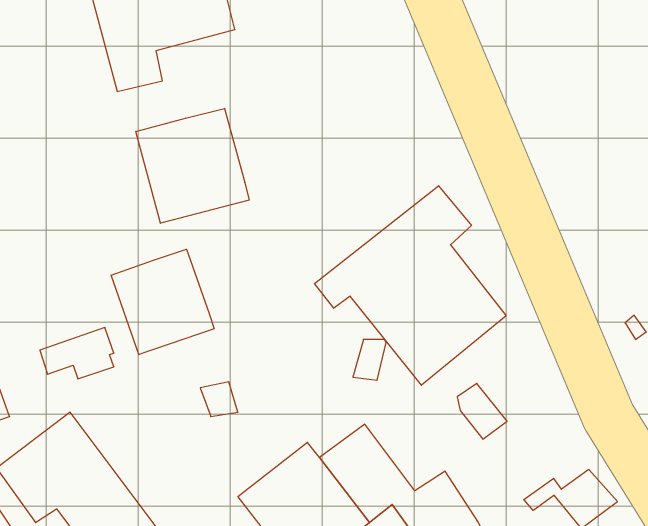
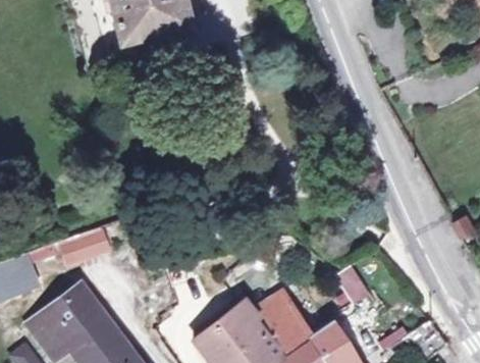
building: [136,108,249,223] -> none
building: [315,186,506,385] -> none
building: [111,249,214,355] -> none

